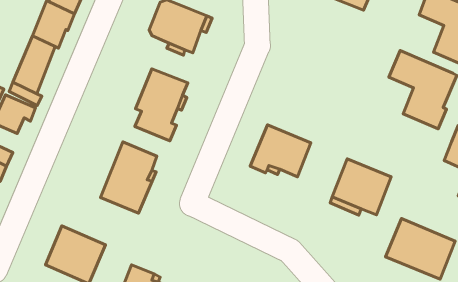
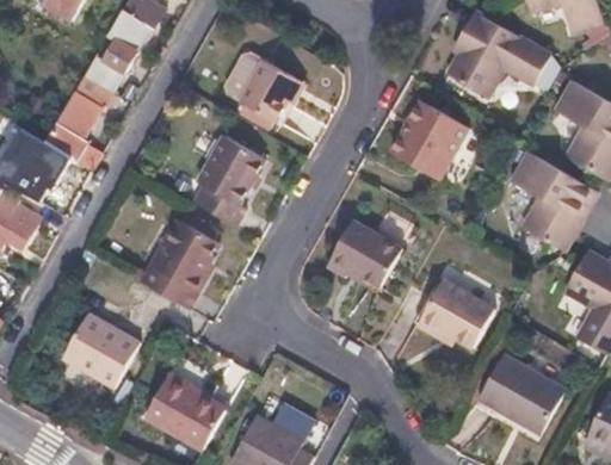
building: none -> [391,101,467,179]

